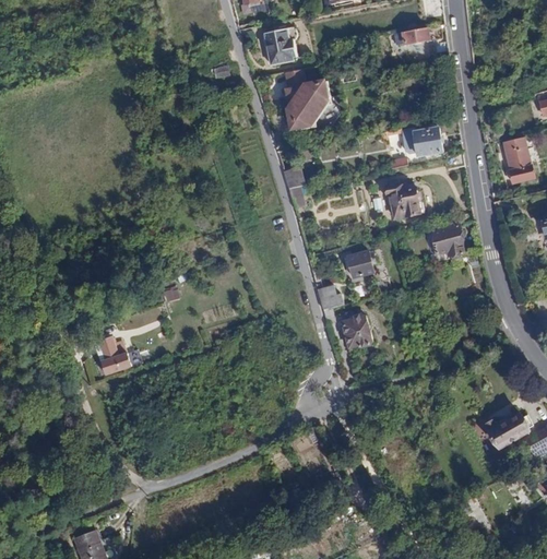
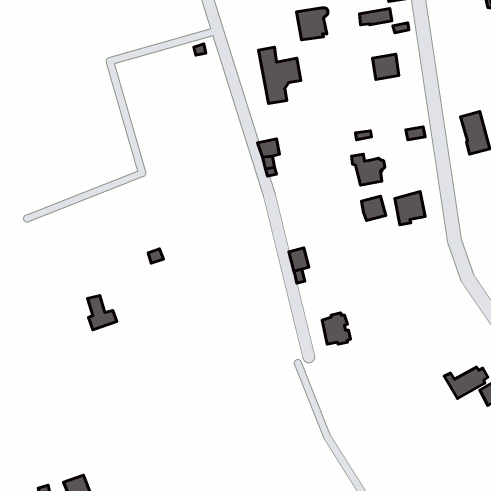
building: [263,28,297,63] -> [296,8,328,40]
building: [413,128,441,155] -> [373,54,399,79]
building: [347,250,373,276] -> [361,196,386,220]
building: [342,312,372,346] -> [322,313,350,344]

